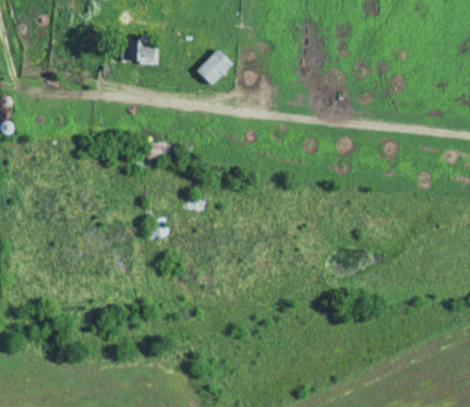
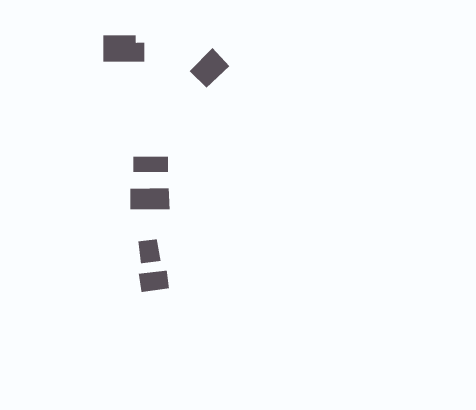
building: none -> [130,187,170,210]
building: none -> [138,270,169,293]

